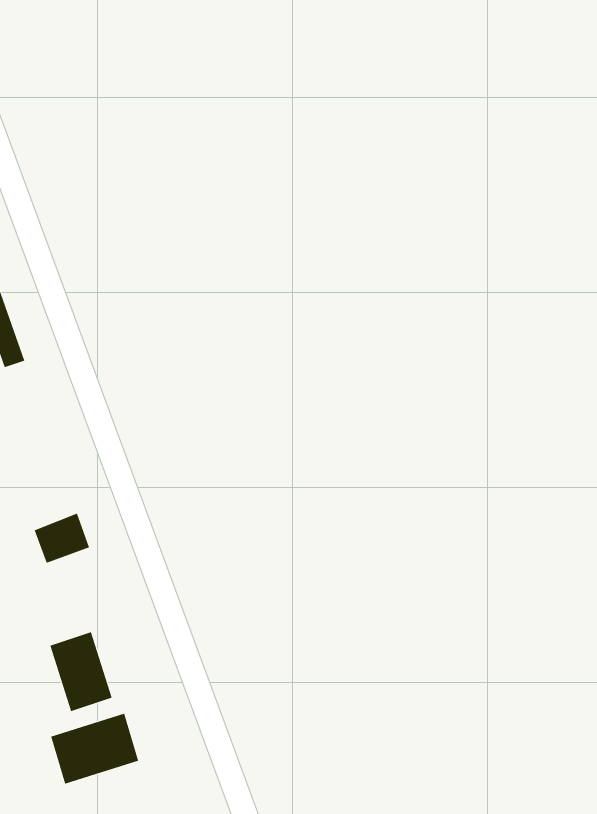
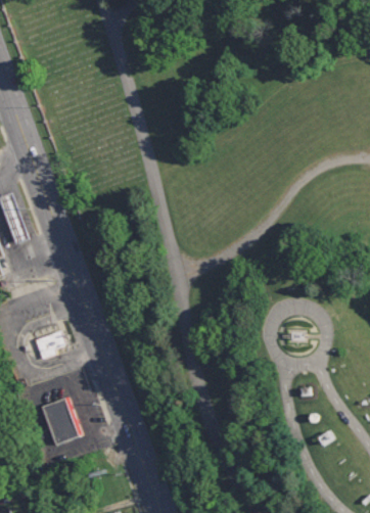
building: [51,713,139,784] -> none

